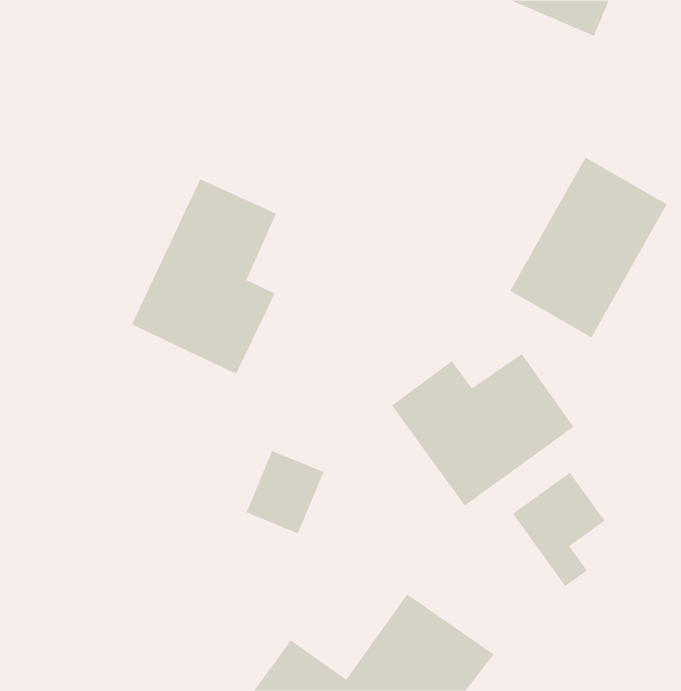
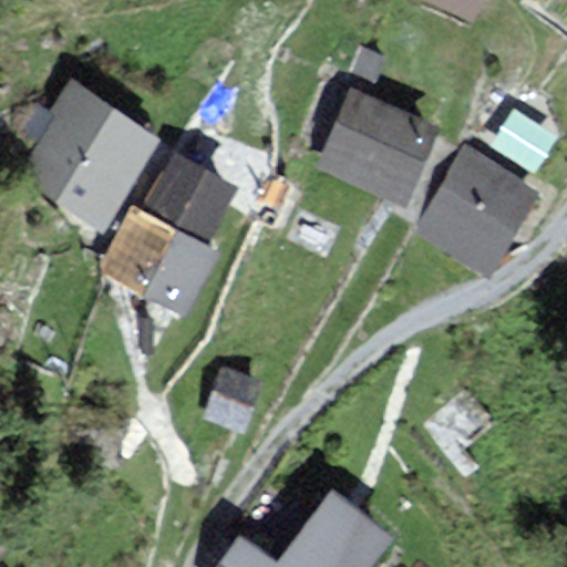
building: none -> [10,80,168,238]
building: none -> [317,89,436,207]
building: [391,353,574,506] -> none

